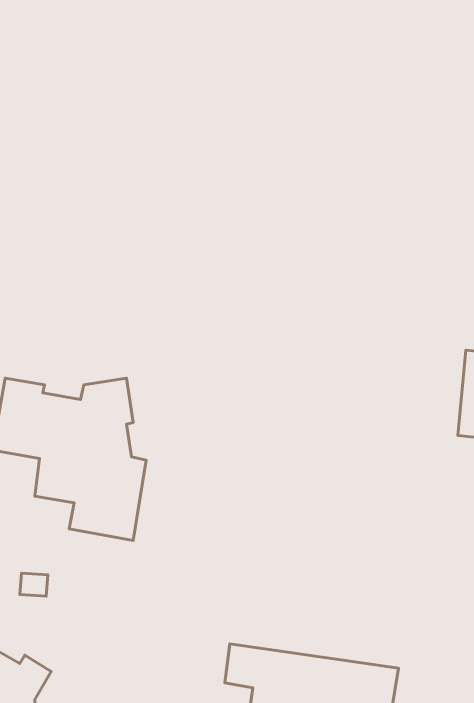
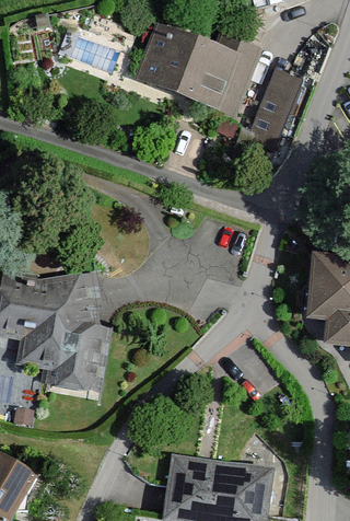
building: none -> [141,31,256,111]
building: none -> [248,70,302,149]

